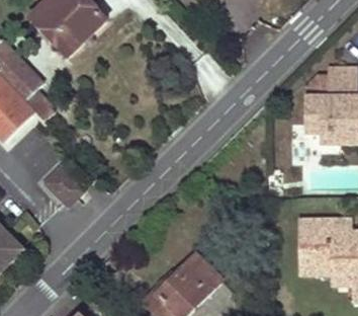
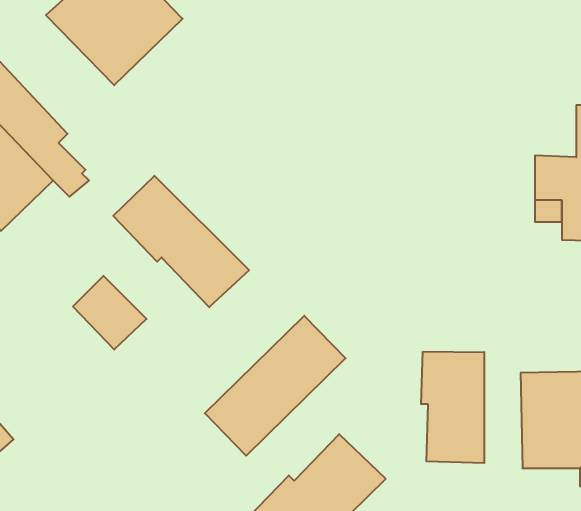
building: none -> [113,176,249,307]
building: none -> [205,316,346,456]
building: none -> [421,352,484,463]

